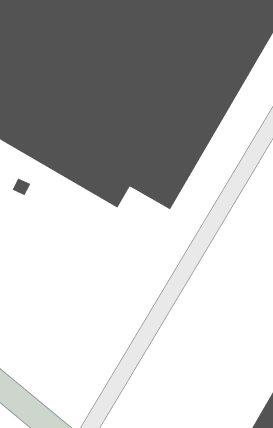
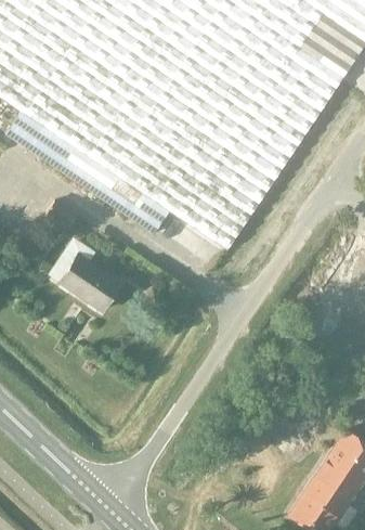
building: none -> [62,250,123,309]

